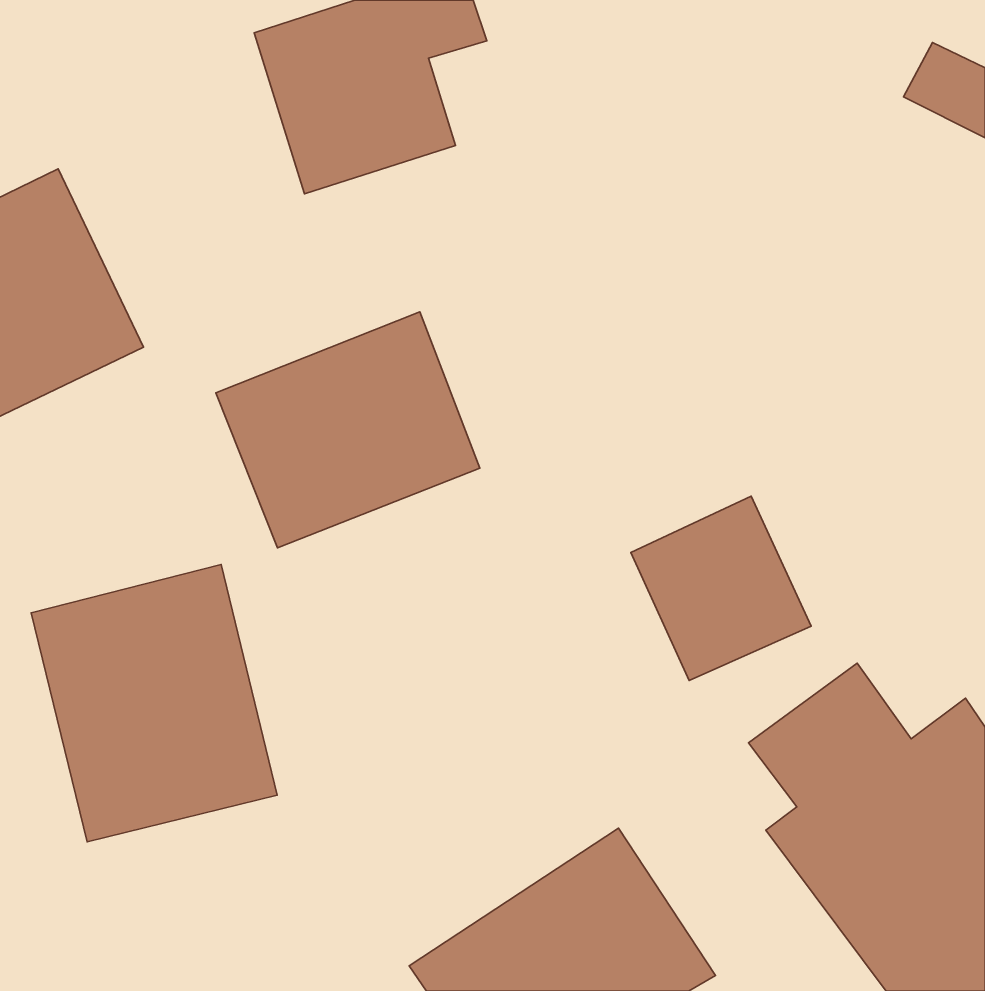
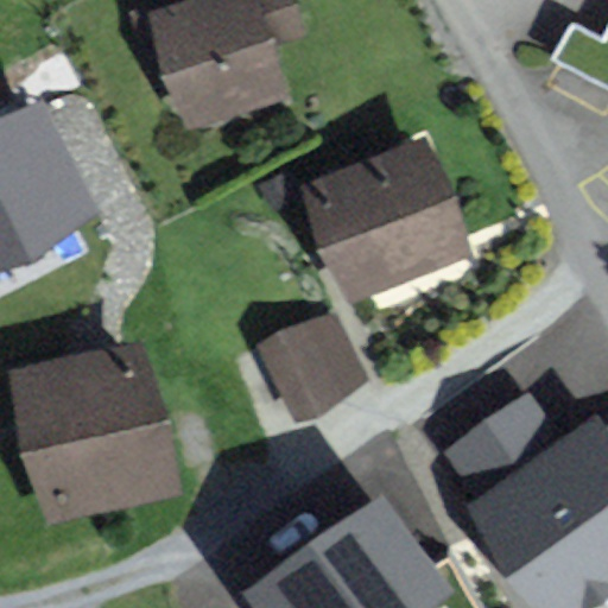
building: none -> [304,147,462,292]
building: [216,312,480,548] -> none
building: [631,496,811,681] -> [259,308,369,420]

